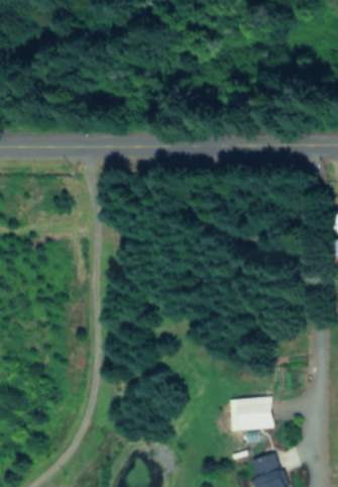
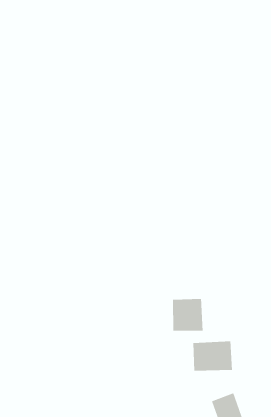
building: none -> [172,298,203,332]

